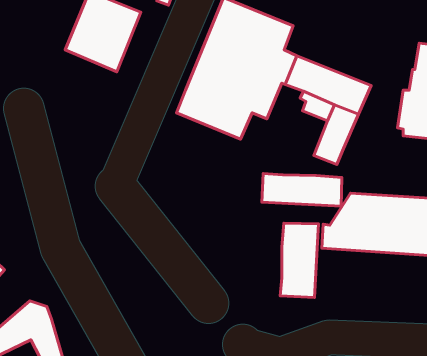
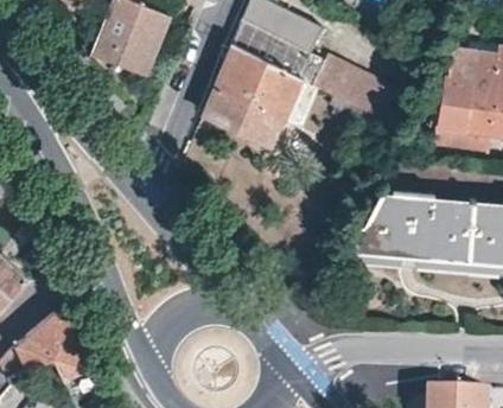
building: [262,174,342,206] -> none
building: [280,223,318,298] -> none

